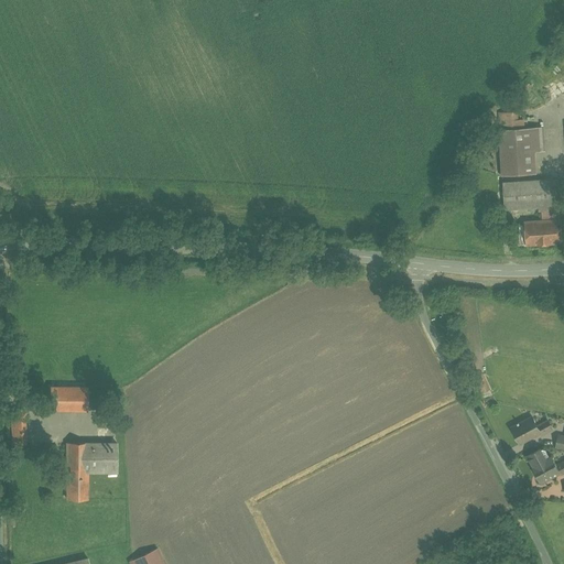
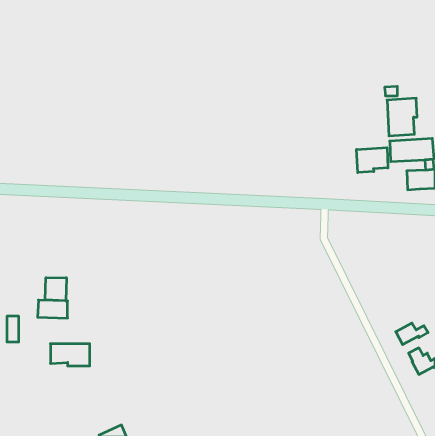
building: none -> [357,148,388,173]
building: none -> [45,278,66,301]
building: [66,468,87,500] -> none

